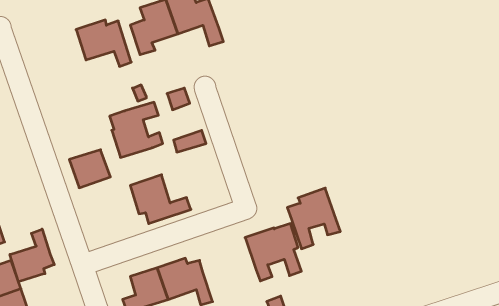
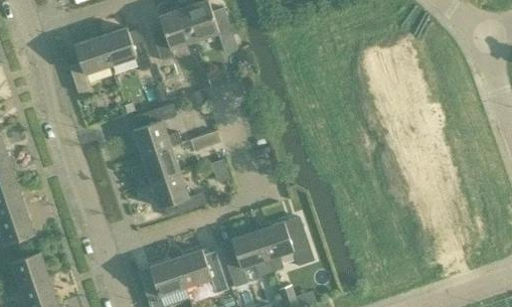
building: none -> [69,37,110,93]
building: [69,150,110,188] -> [142,147,180,182]
building: [287,188,340,249] -> [222,231,272,287]
building: [10,229,54,282] -> none

